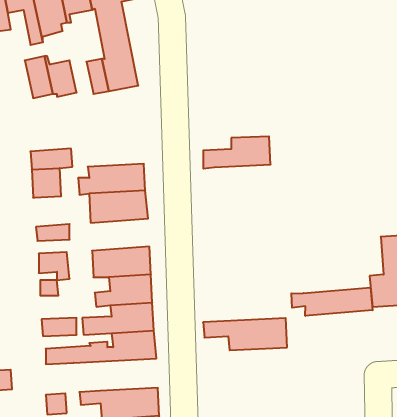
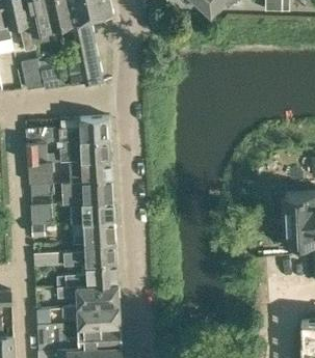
building: [203,136,271,169] -> [59,119,109,143]
building: none -> [28,164,54,187]
building: none -> [62,181,113,204]
building: [291,287,373,316] -> none
building: [203,318,287,350] -> [57,284,120,308]

